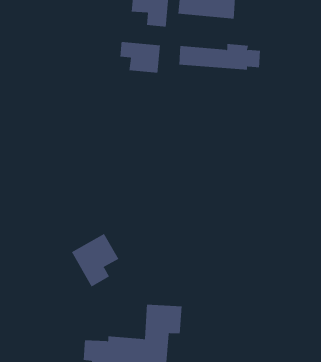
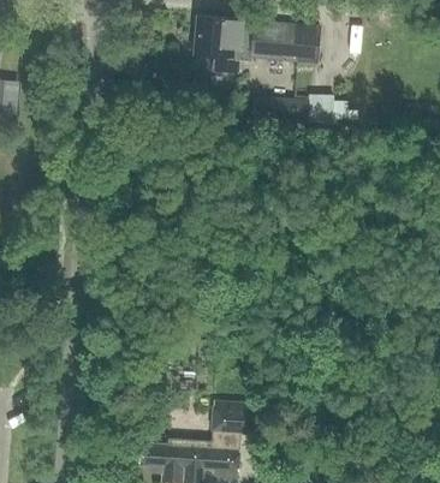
building: [120,41,161,73] -> none
building: [71,233,119,287] -> none

